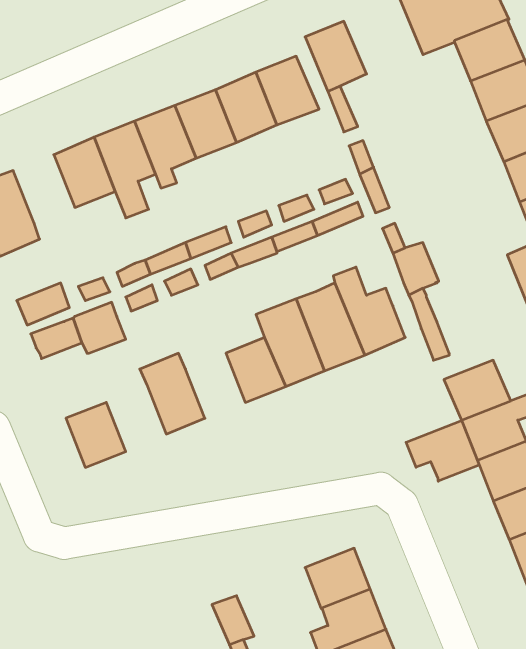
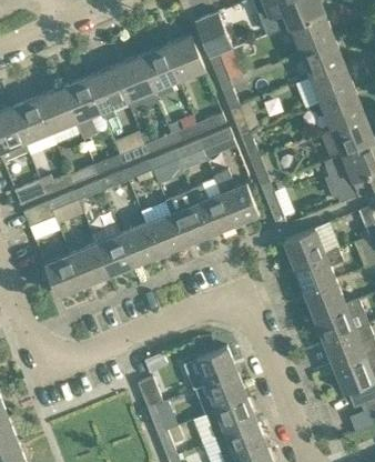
building: none -> [12,100,51,143]
building: none -> [121,225,159,267]
building: none -> [71,245,109,288]
building: [406,421,479,481] -> none

